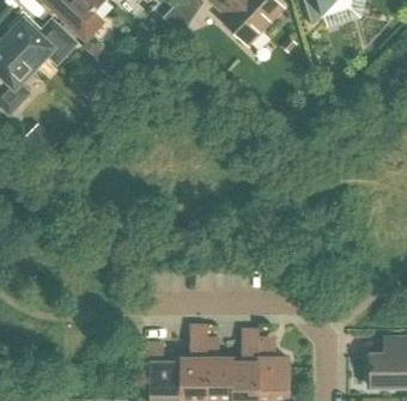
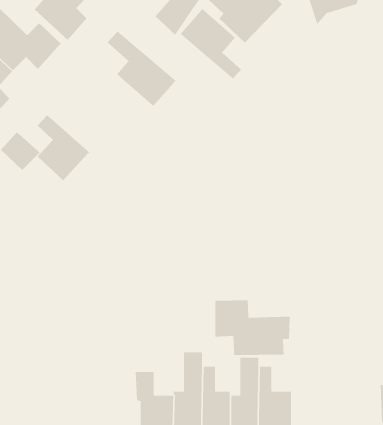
building: none -> [180,8,242,79]
building: none -> [107,30,176,107]
building: none -> [37,114,90,181]
building: none -> [215,299,290,356]

